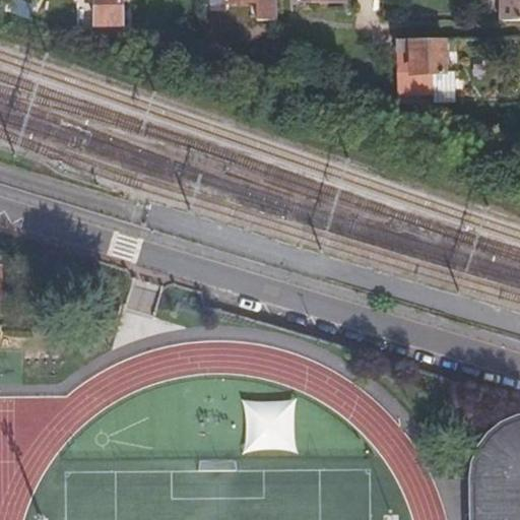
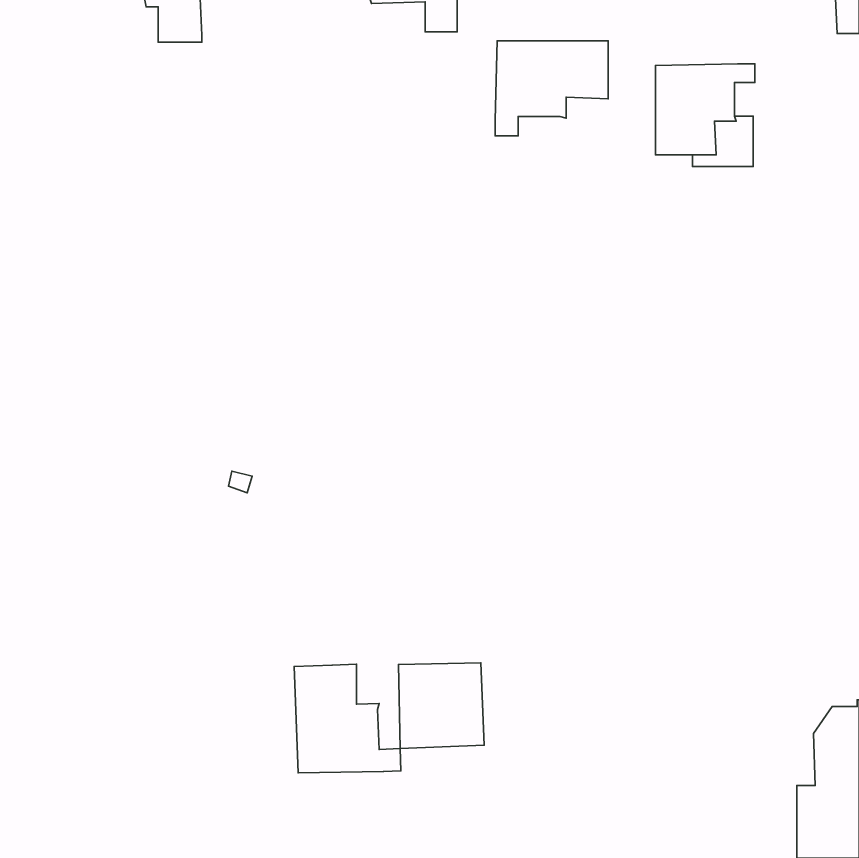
building: none -> [495,41,608,136]
building: none -> [294,664,401,773]

